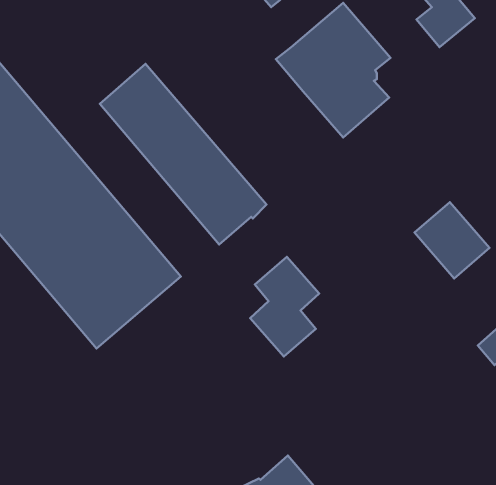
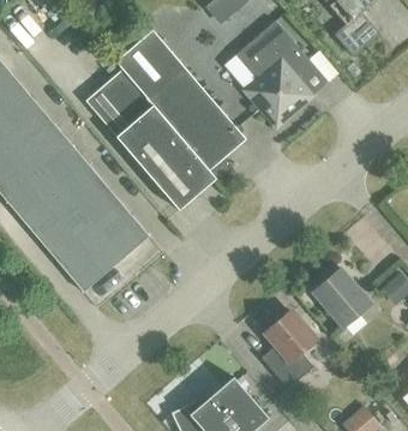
building: none -> [115,30,246,179]
building: [414,202,489,278] -> [312,268,371,328]
building: [250,257,319,356] -> [262,310,316,388]

